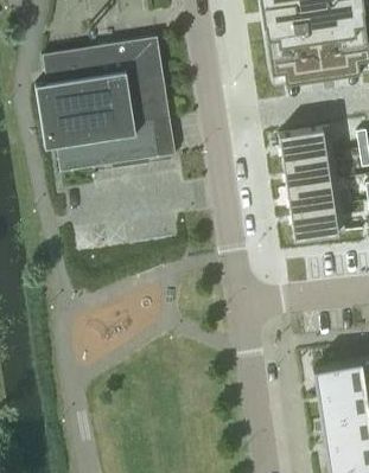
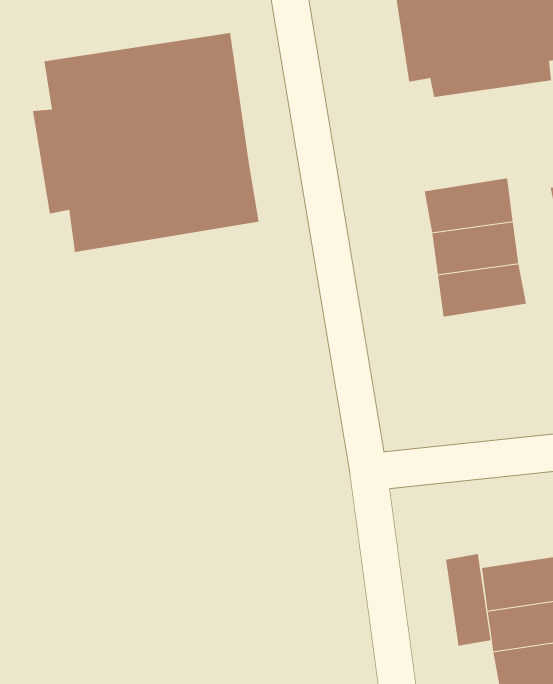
building: [291,205,346,239] -> none
building: none -> [445,553,491,647]

